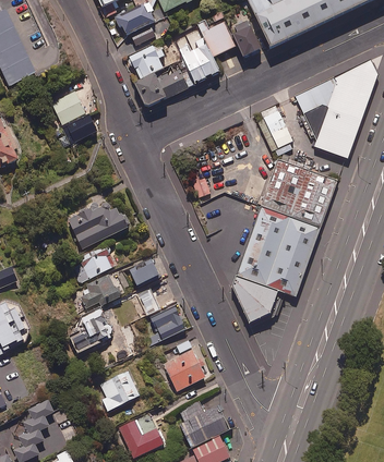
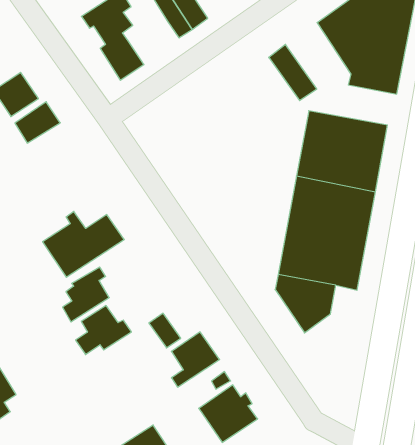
building: [157,71,195,98] -> none
building: [128,257,159,287] -> none
building: [72,308,111,351] -> none

